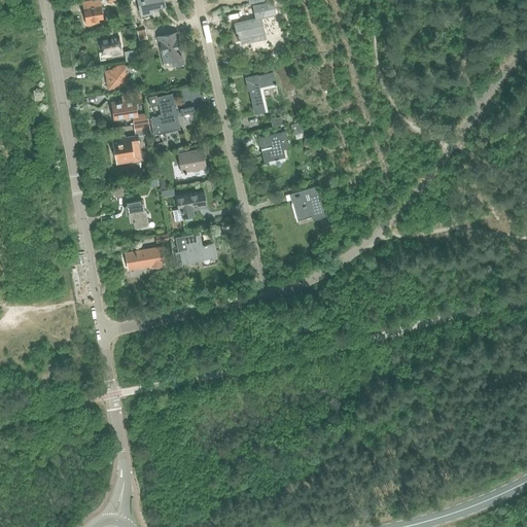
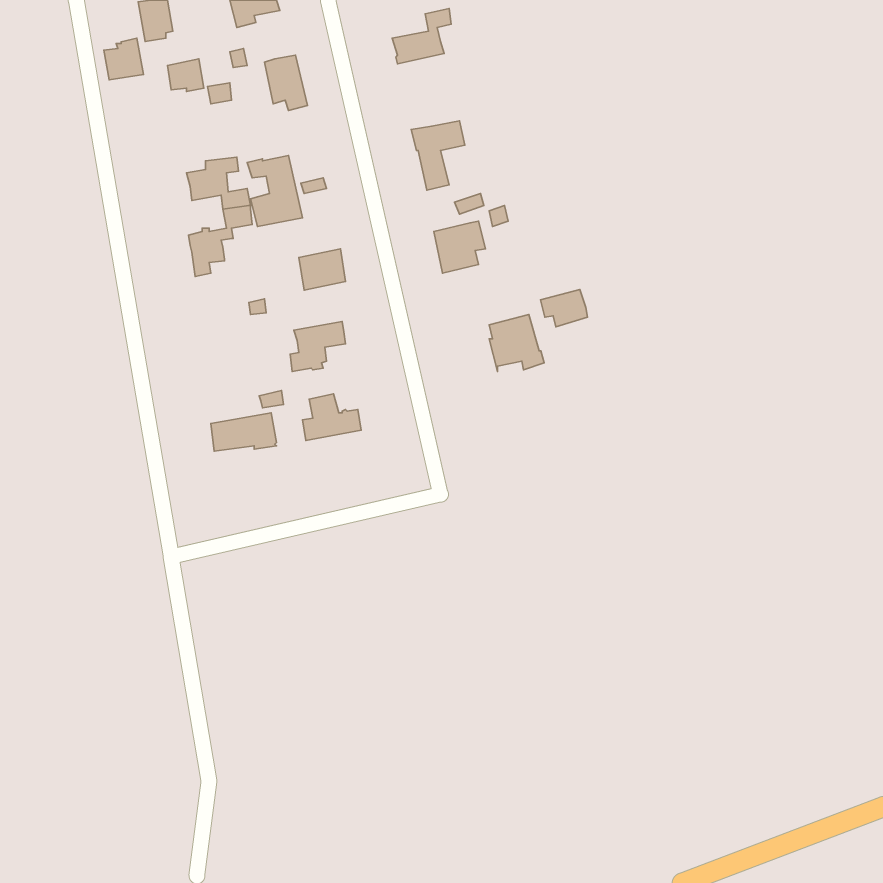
building: [105,64,129,89] -> [104,38,144,80]
building: none -> [541,290,588,327]
building: [125,200,148,226] -> none

